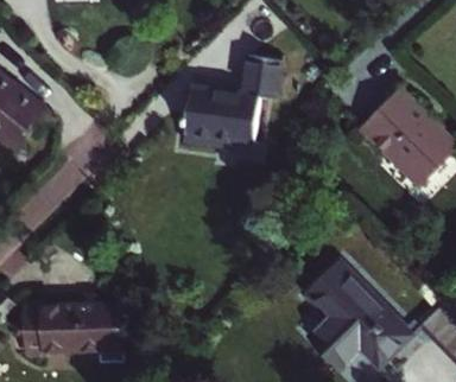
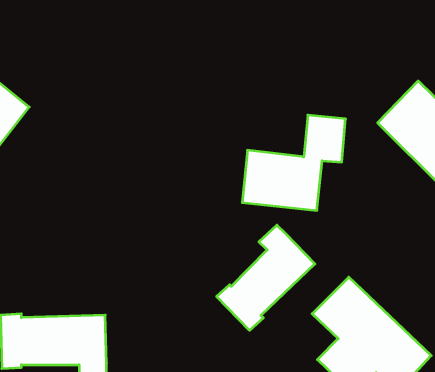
building: [192,53,286,140] -> [242,115,346,210]
building: none -> [217,225,315,330]

